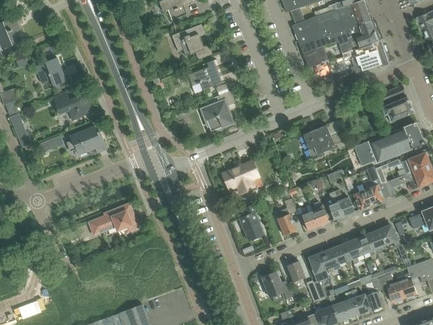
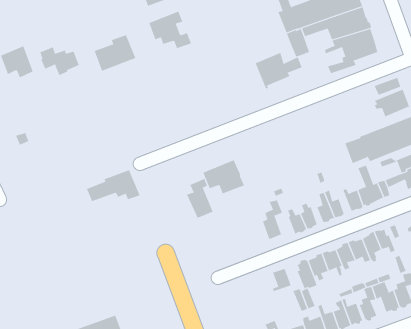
building: [186,60,225,94] -> [94,34,136,71]
building: [200,91,236,132] -> none
building: [54,94,91,121] -> [39,47,79,76]
building: [302,125,346,159] -> [255,52,302,89]
building: [69,127,107,155] -> none
building: [238,204,263,241] -> [186,178,213,218]
building: [88,205,138,235] -> [86,169,140,202]
building: [261,272,292,303] -> none

